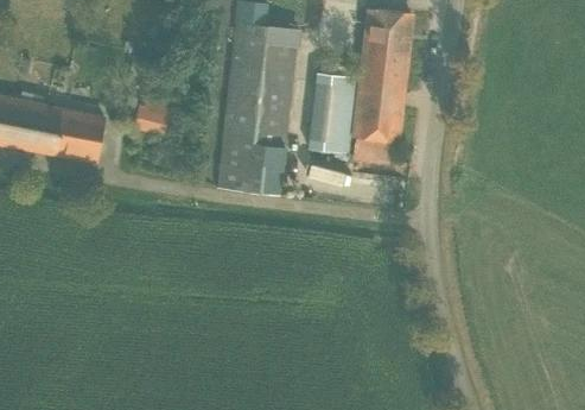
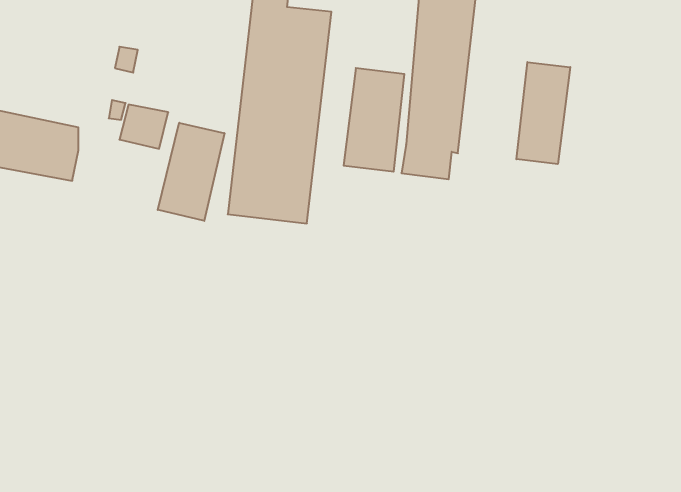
building: none -> [516,62,570,164]
building: none -> [158,123,224,221]

